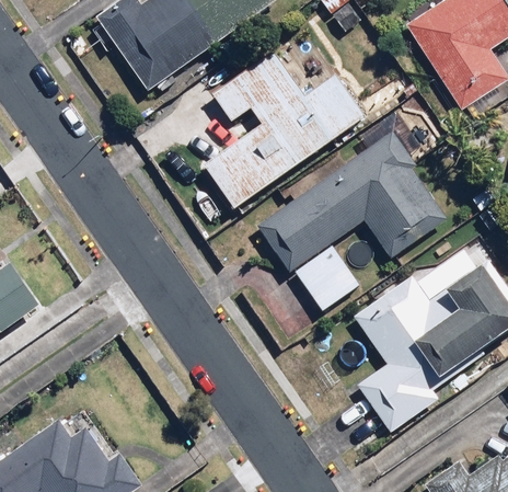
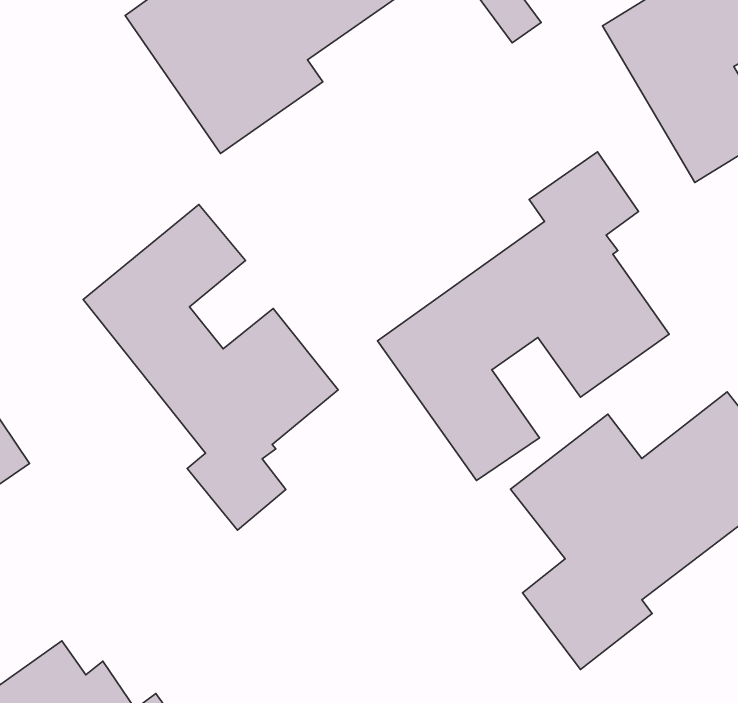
building: [204,52,365,210] -> none
building: none -> [83,205,338,530]

